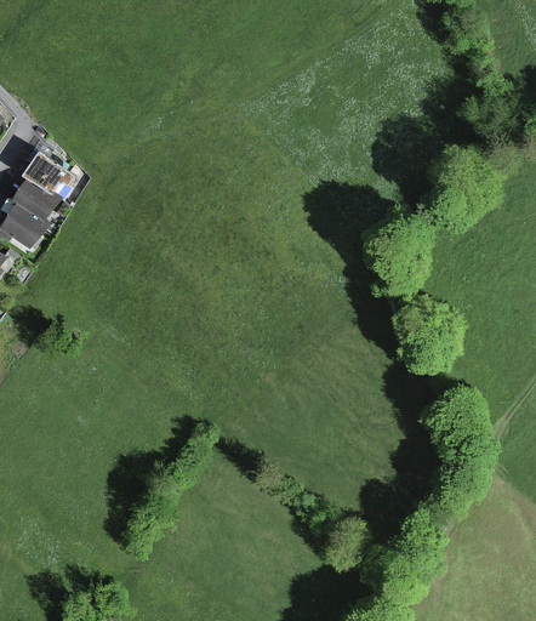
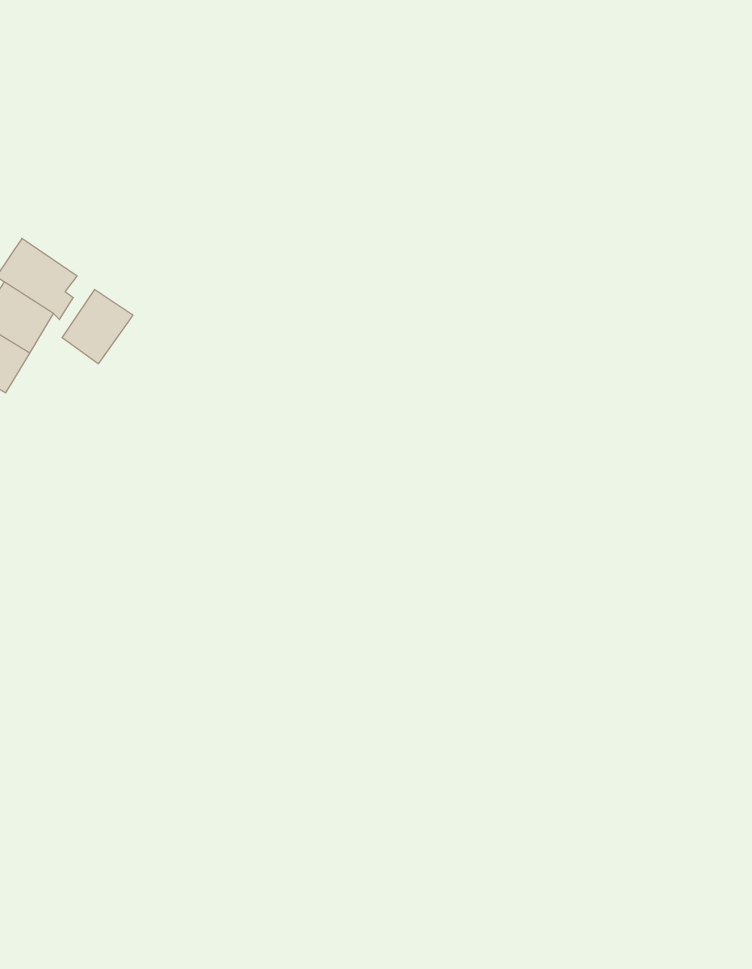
building: none -> [62,289,133,364]

